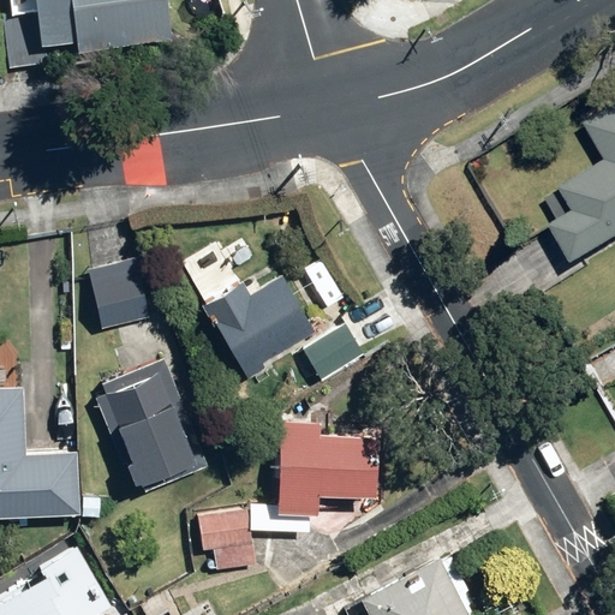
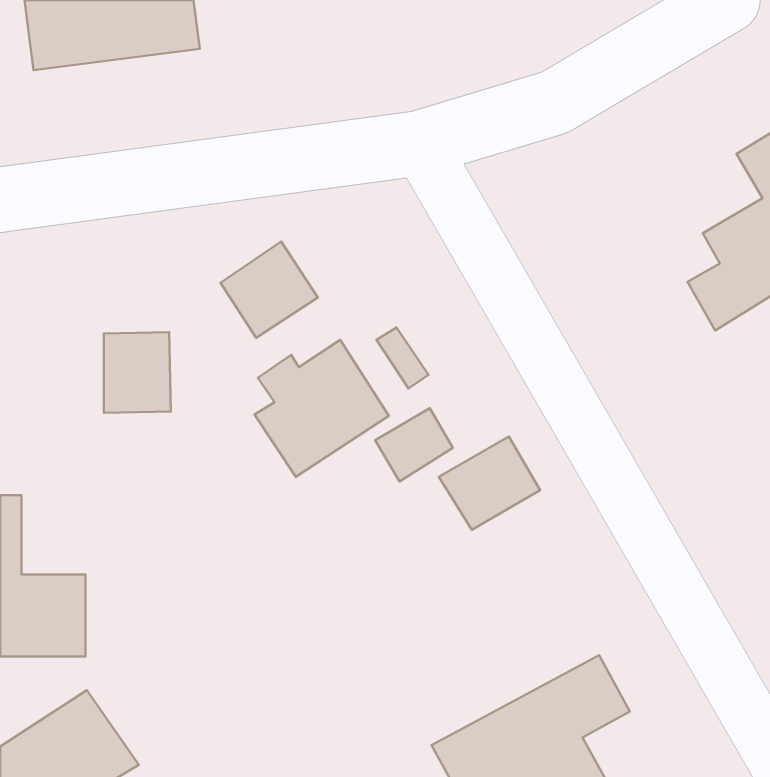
building: none -> [221,241,318,338]
building: none -> [439,436,540,530]
building: [85,358,208,486] -> none
building: [202,422,366,567] -> none

